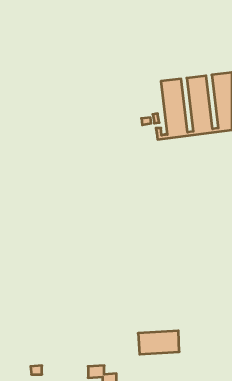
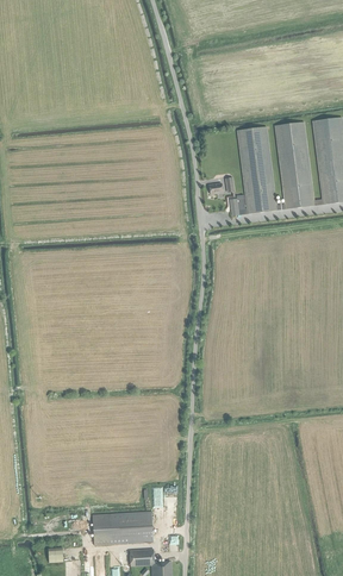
building: [138,331,179,354] -> [92,511,152,545]

